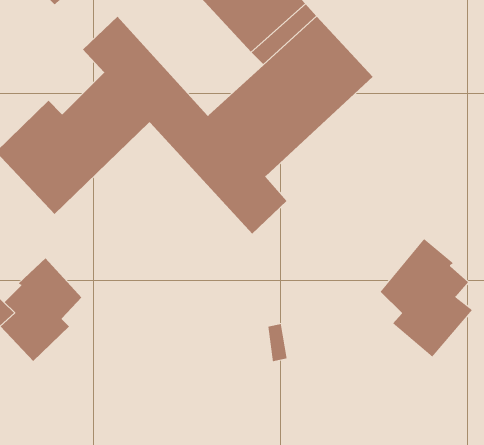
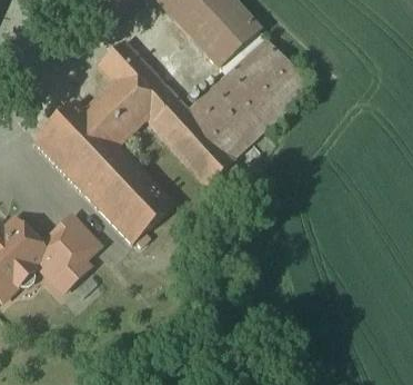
building: none -> [78,146,172,244]
building: [380,238,473,358] -> none

